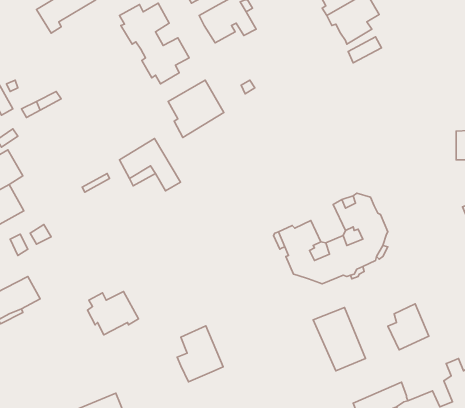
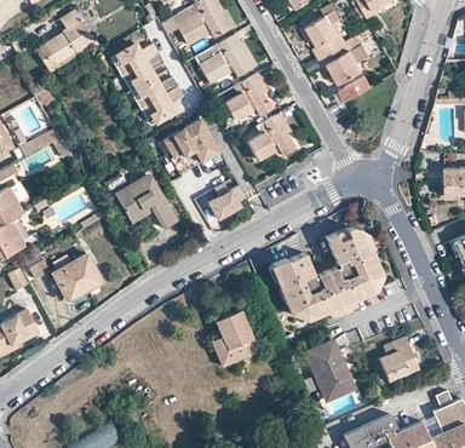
building: none -> [226,73,274,120]
building: none -> [248,113,295,159]
building: none -> [209,183,246,218]
building: [88,291,139,335] -> [53,254,103,297]
building: [177,326,223,382] -> [213,310,258,364]

